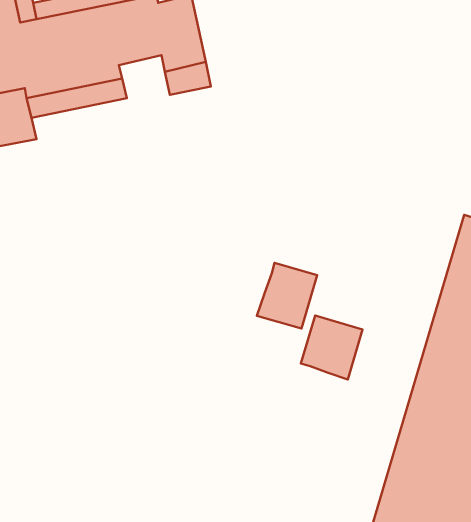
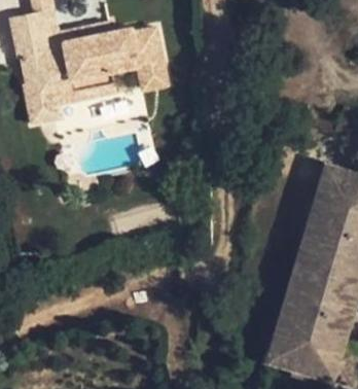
building: [257,263,317,329] -> none
building: [301,315,362,380] -> none

